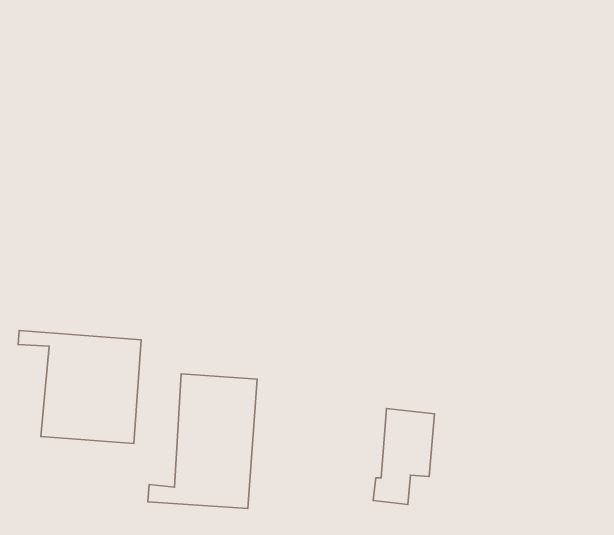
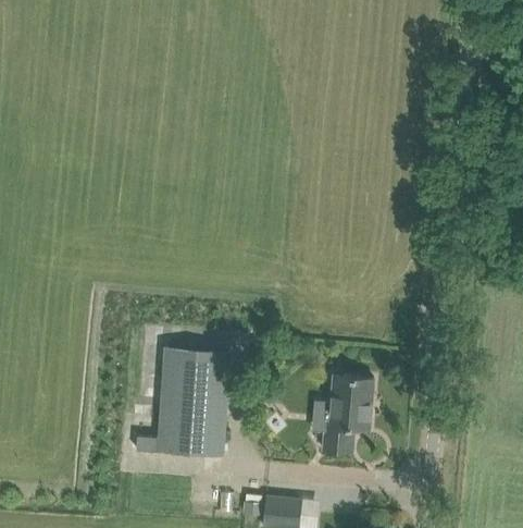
building: [18,331,141,443] -> none

